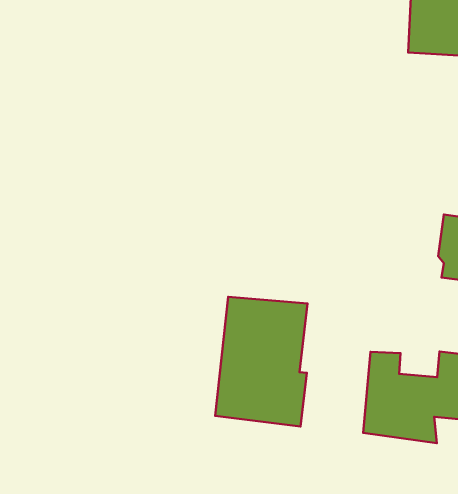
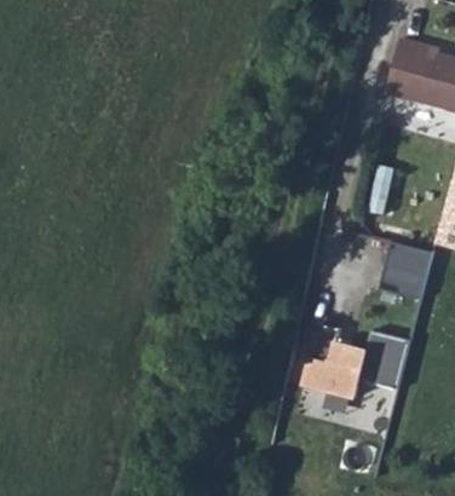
building: [215,297,307,426] -> none

